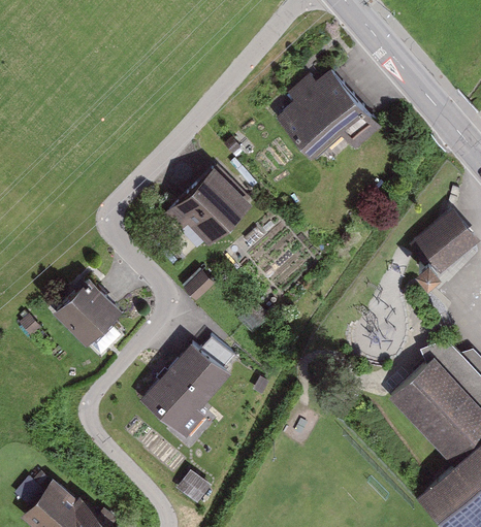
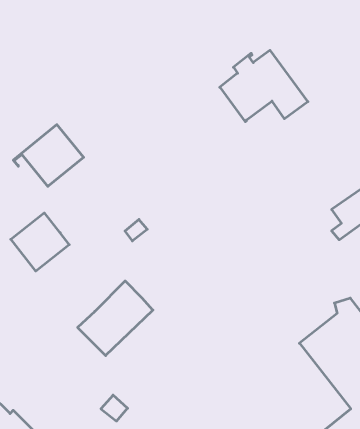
building: [166,170,245,240] -> [13,125,84,186]

